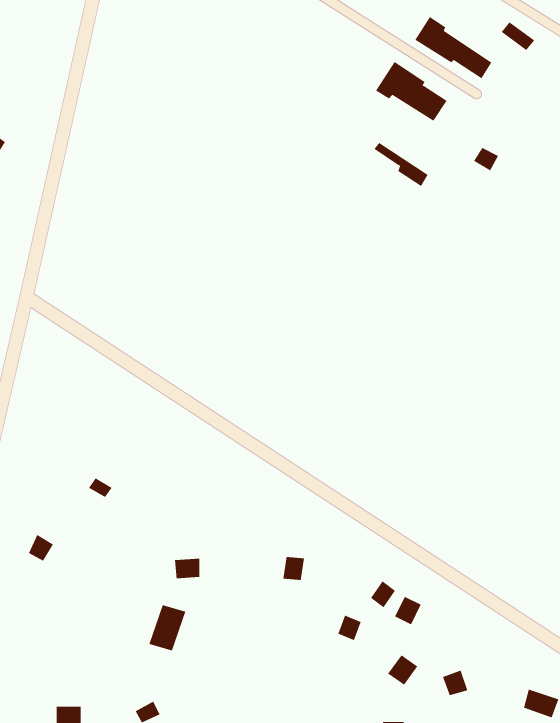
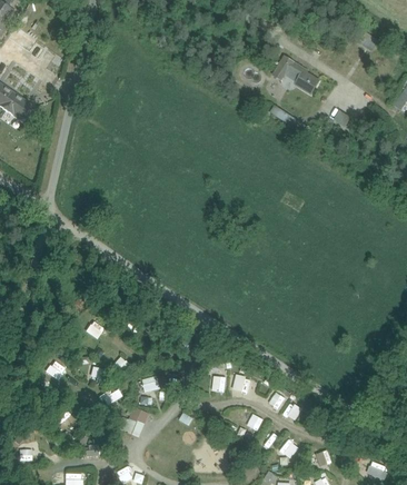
building: [414,16,492,79] -> none

